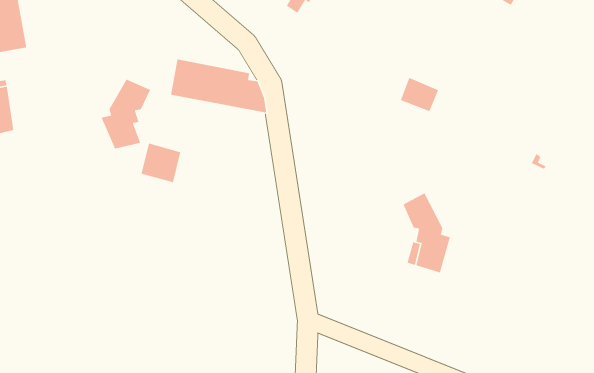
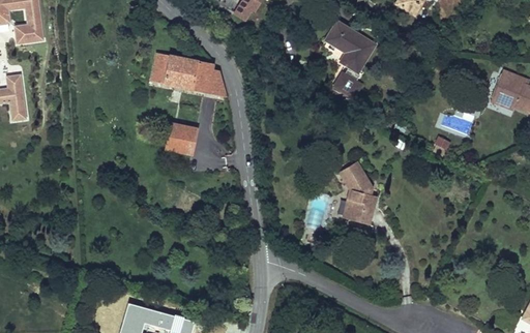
building: none -> [331,20,381,70]
building: [100,79,151,150] -> none
building: [141,143,181,183] -> [165,124,197,156]

